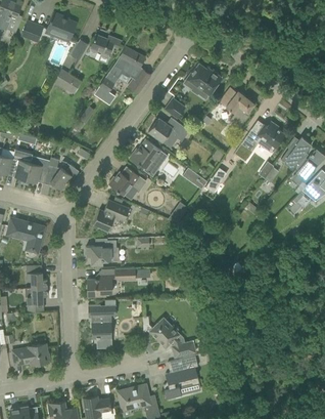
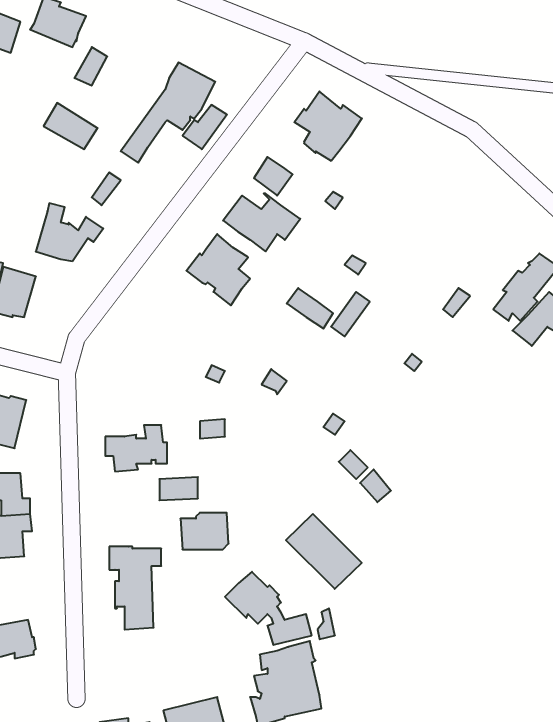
building: [90,35,121,57] -> none
building: [219,87,254,126] -> none
building: [234,121,284,161] -> none
building: [279,136,311,168] -> none
building: [43,157,79,187] -> [36,203,103,261]
building: [108,167,145,200] -> none
building: [93,199,129,232] -> none
building: [87,276,112,295] -> [180,513,229,549]
building: none -> [286,514,362,589]

